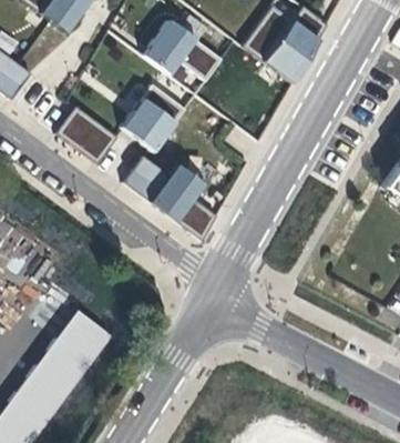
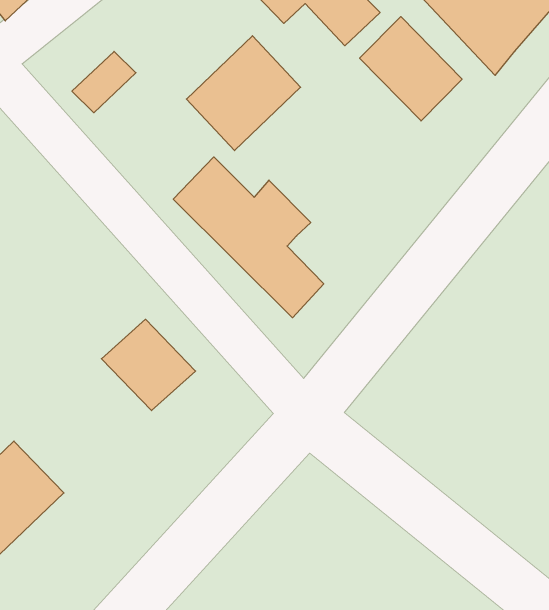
building: none -> [360,17,462,121]
building: [73,117,120,164] -> none
building: [60,310,114,361] -> [101,319,196,411]

